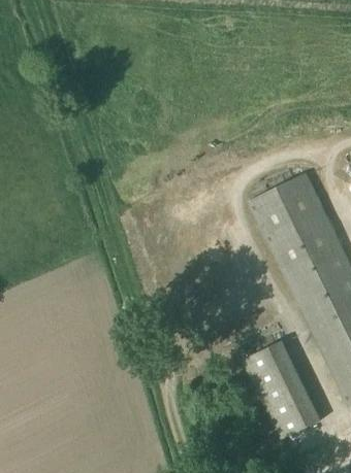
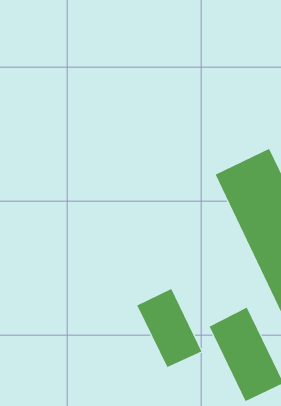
building: none -> [137,288,202,368]

